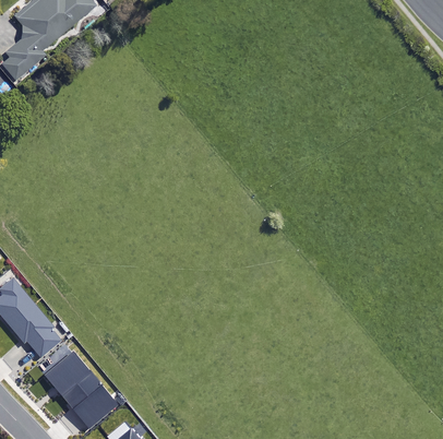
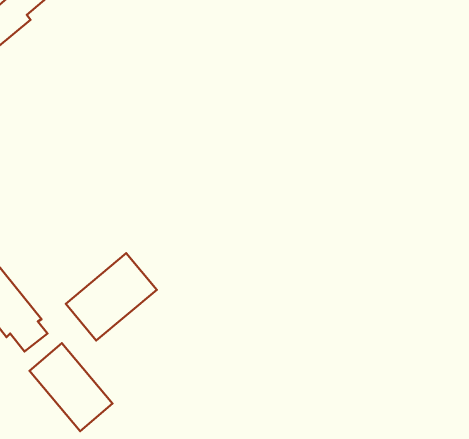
building: none -> [66,253,157,341]

